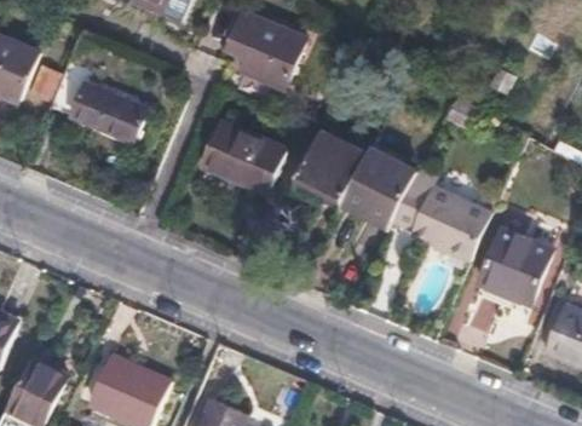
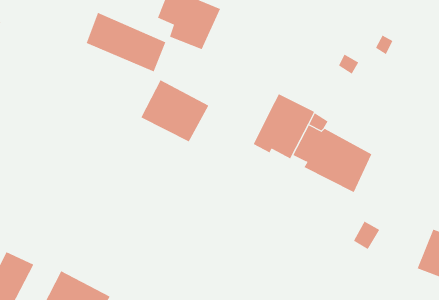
building: [46,70,144,143] -> [86,12,166,72]
building: [296,127,369,202] -> none
building: [478,229,551,305] -> none

